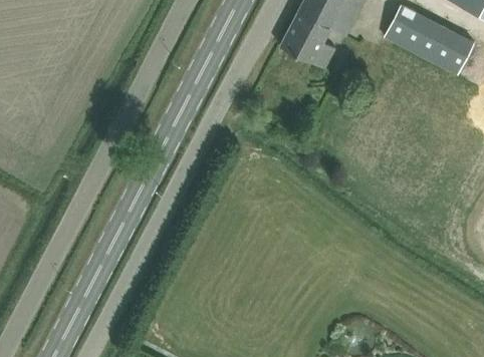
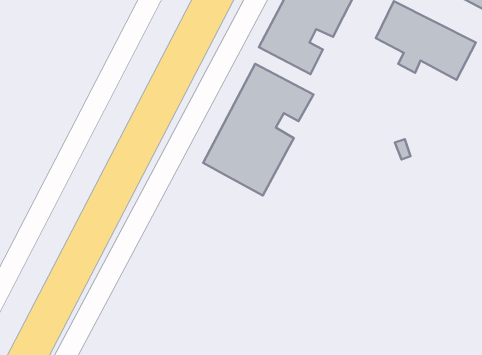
building: none -> [203,64,313,196]

